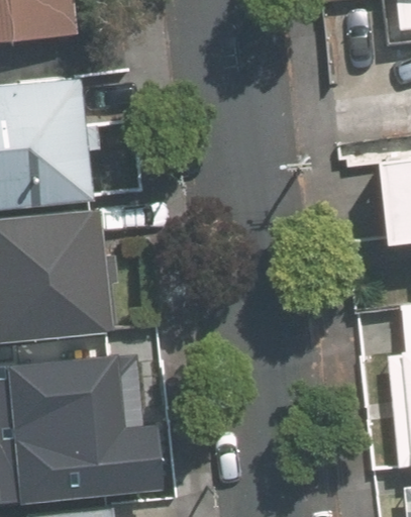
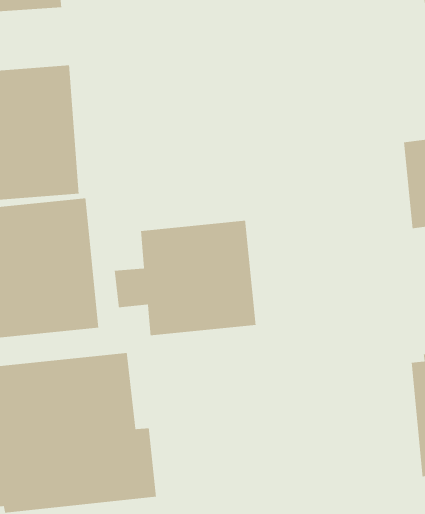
building: none -> [114,220,257,336]

